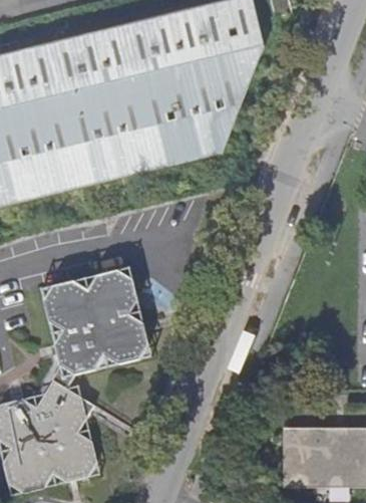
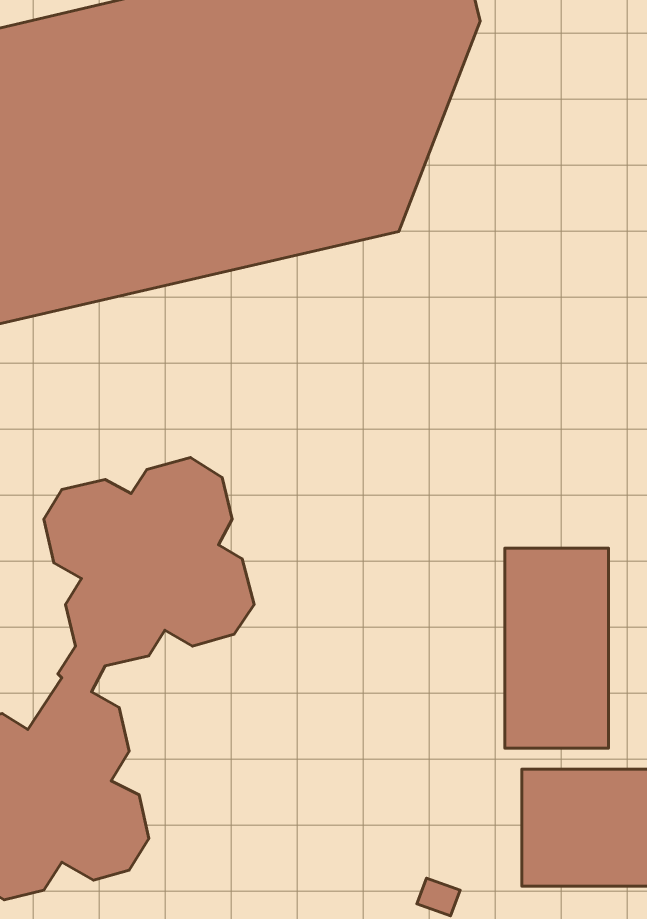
building: none -> [505,548,608,748]

